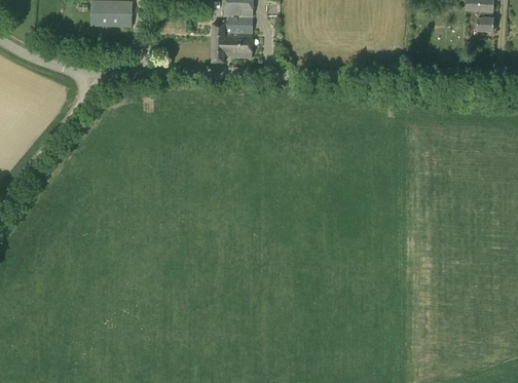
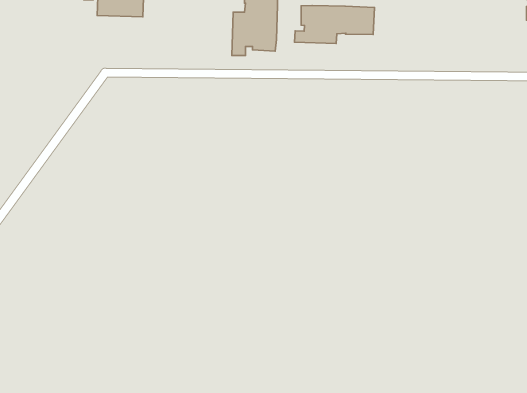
building: none -> [295,5,375,43]

